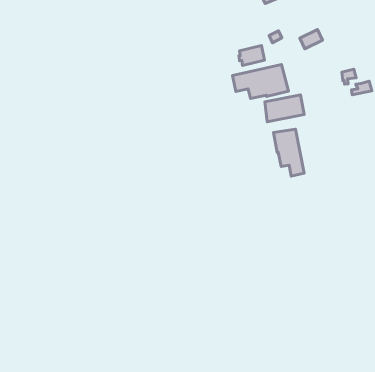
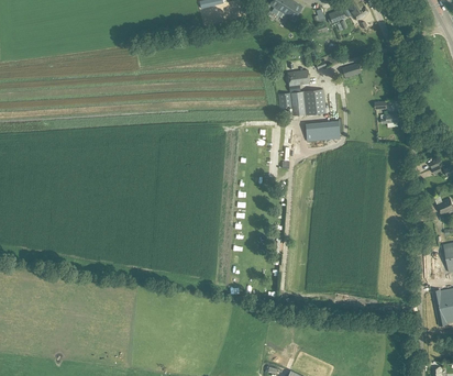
building: [273,129,304,176] -> none

